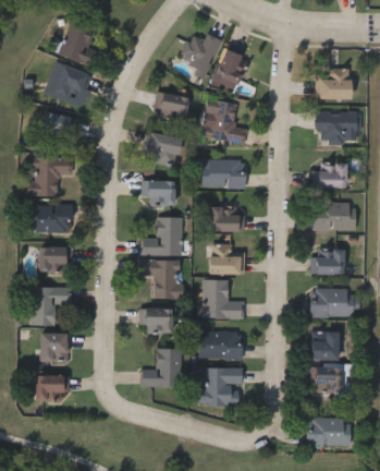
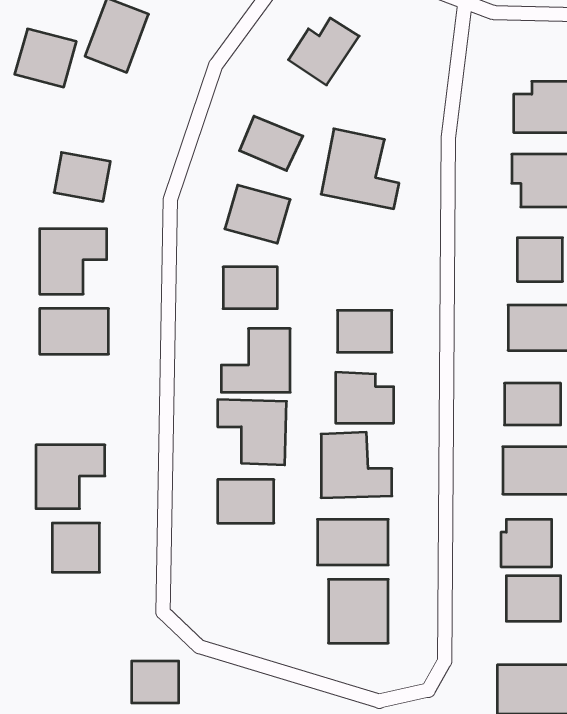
building: [211,48,245,92] -> none
building: [54,65,91,100] -> [15,29,76,87]
building: [204,159,245,188] -> none
building: [39,247,68,273] -> none
building: [143,349,182,387] -> none
building: [37,376,65,401] -> [132,661,179,703]

